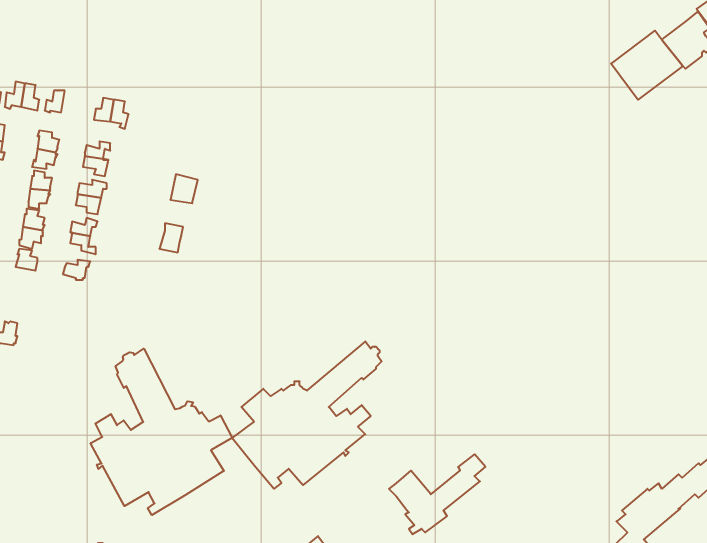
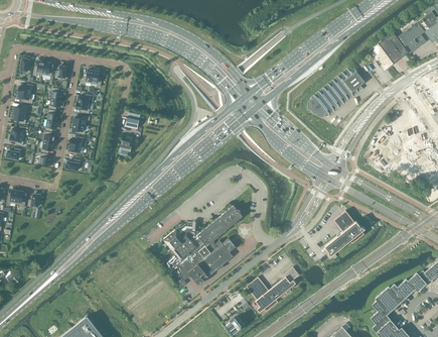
building: [91,349,232,515] -> none
building: none -> [324,210,366,255]

